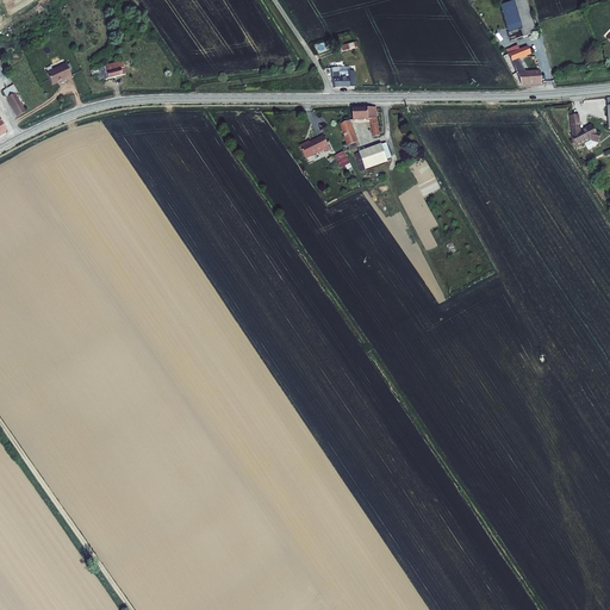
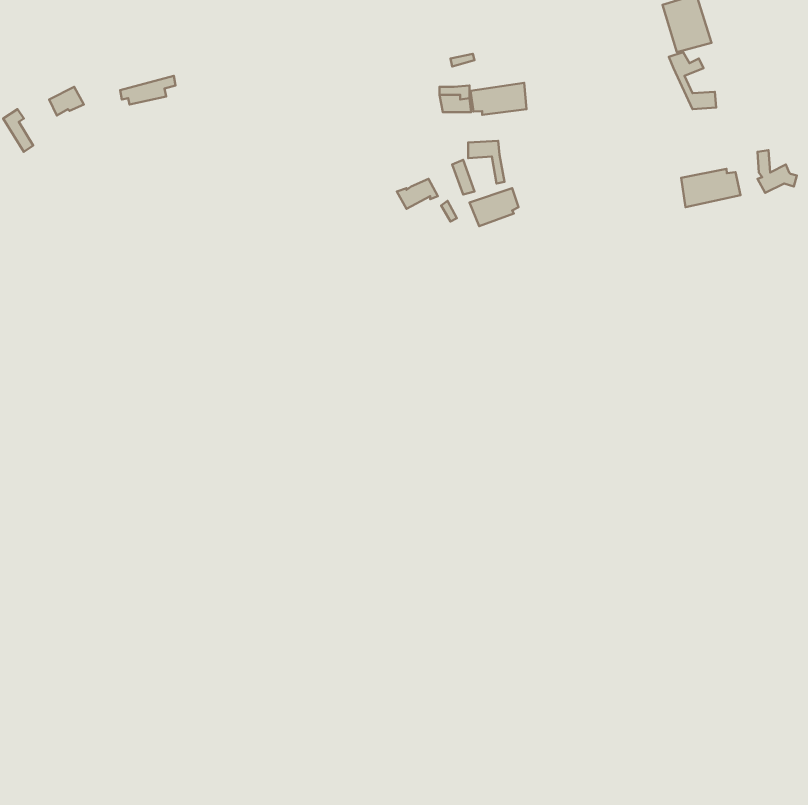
building: none -> [470,83,526,115]
building: none -> [681,169,741,207]

